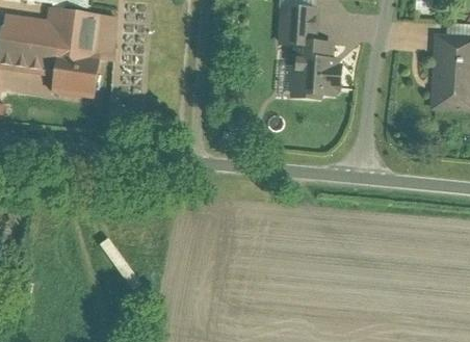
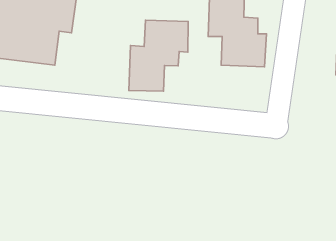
building: none -> [129,20,188,91]

